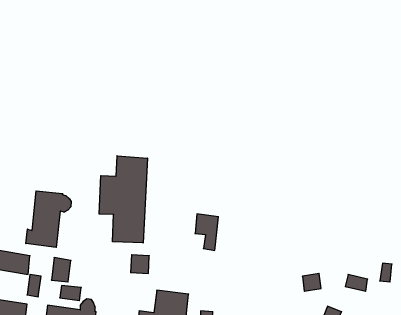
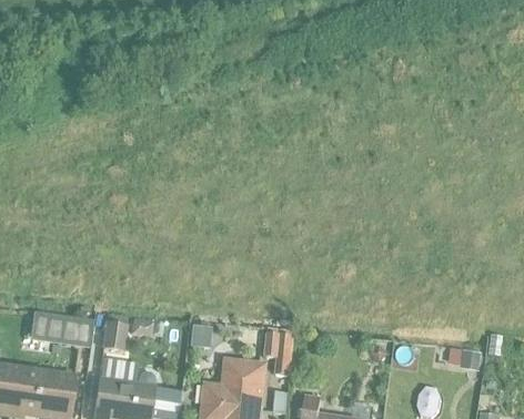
building: [99,156,147,243] -> none
building: [26,191,71,247] -> none
building: [195,214,218,250] -> [263,333,291,376]

